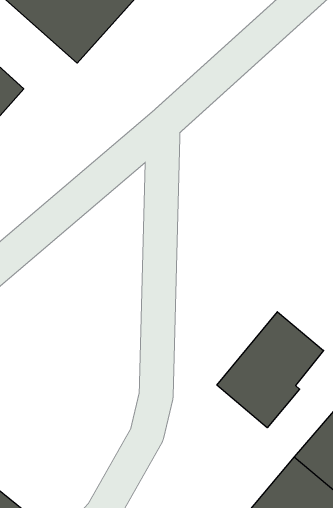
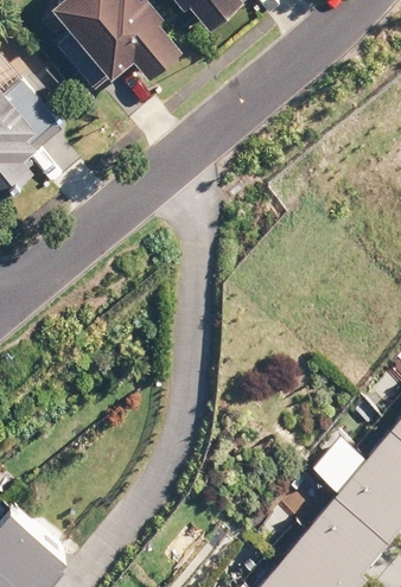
building: [217,312,324,428] -> none

